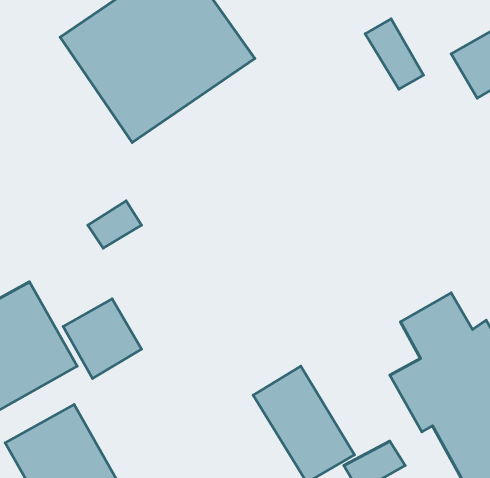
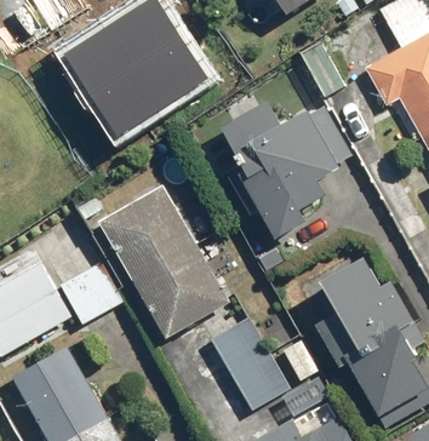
building: none -> [221,101,350,240]
building: none -> [97,184,229,338]

